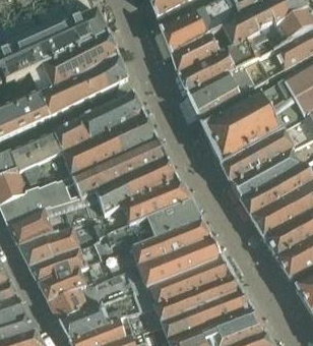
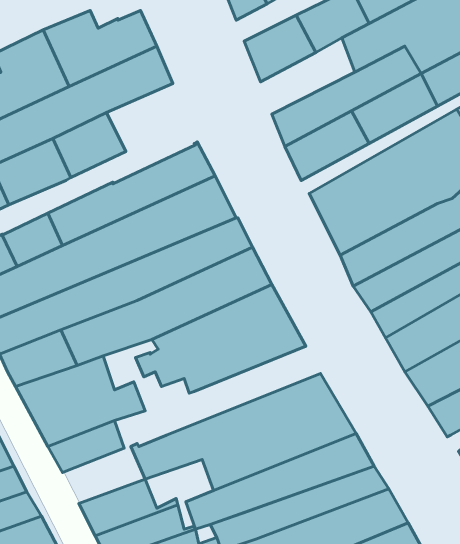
building: [173,27,232,75] -> none
building: [76,56,128,99] -> none
building: [111,221,210,277] -> none
building: [49,284,101,320] -> none

